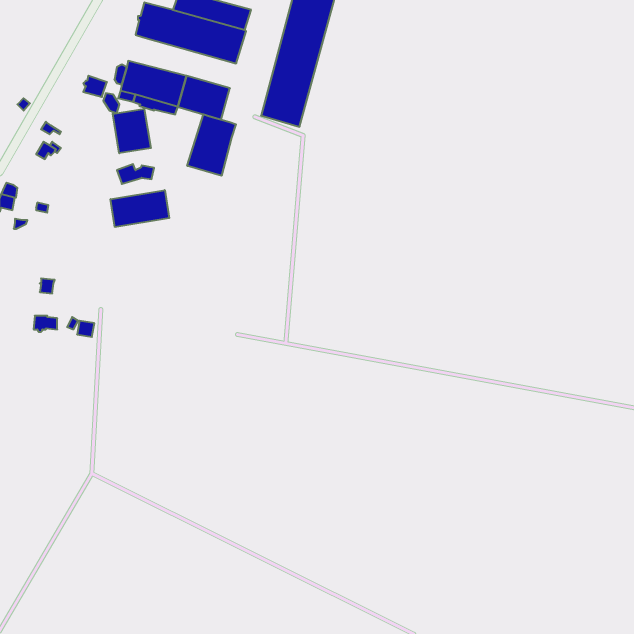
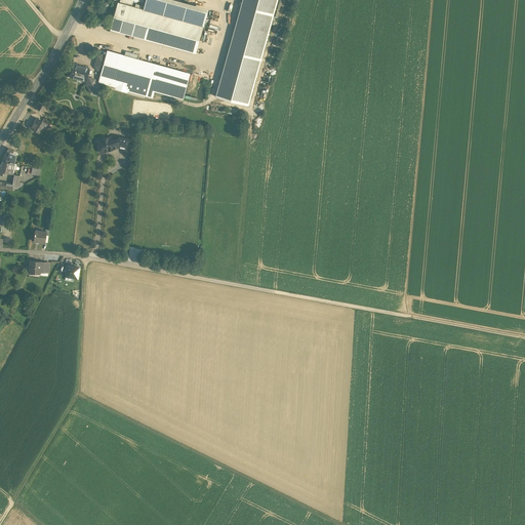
building: [113,109,151,153] -> none
building: [187,114,236,176] -> none
building: [111,190,169,227] -> none

